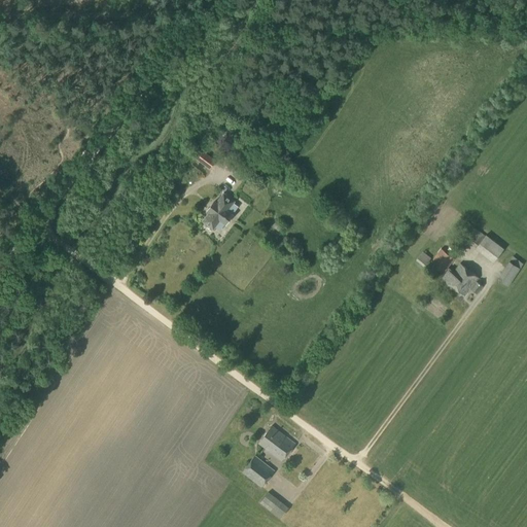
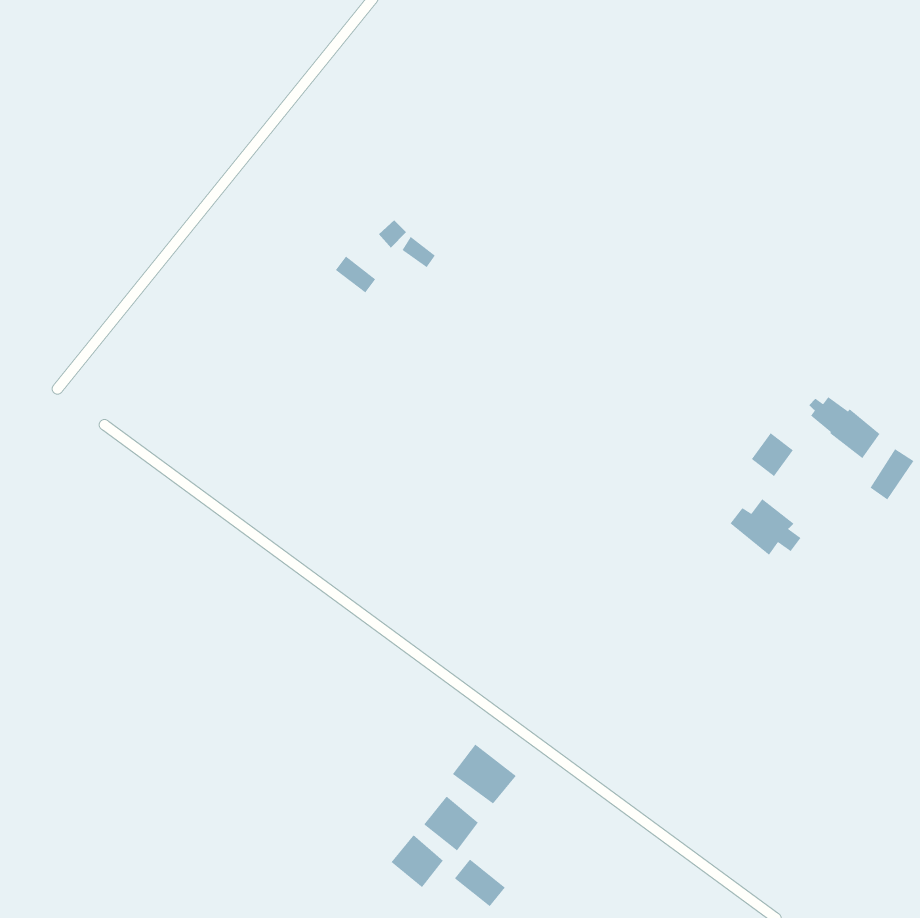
building: [202,192,235,229] -> none
building: [442,262,483,295] -> [730,498,802,556]
building: none -> [390,834,444,888]

